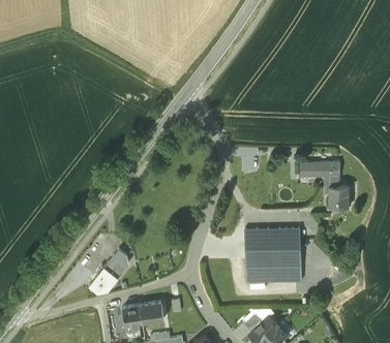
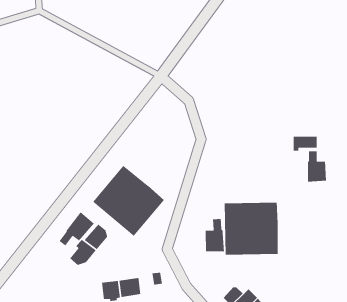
building: none -> [92,165,165,237]
building: none -> [59,211,95,246]
building: none -> [205,218,225,252]

